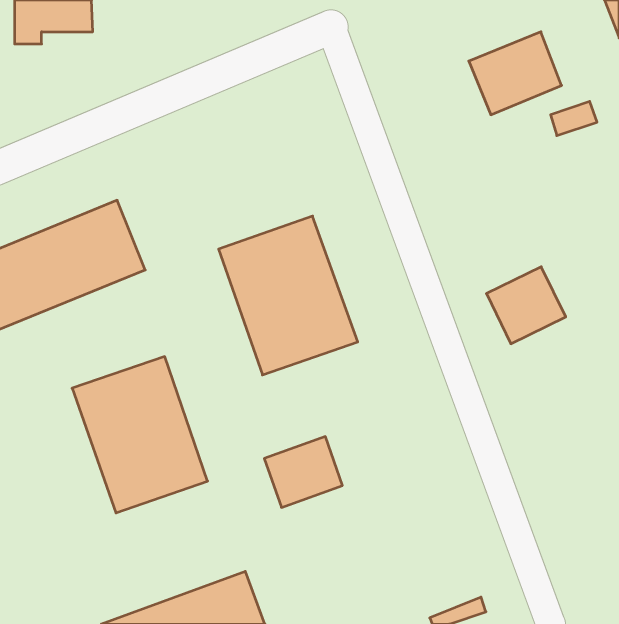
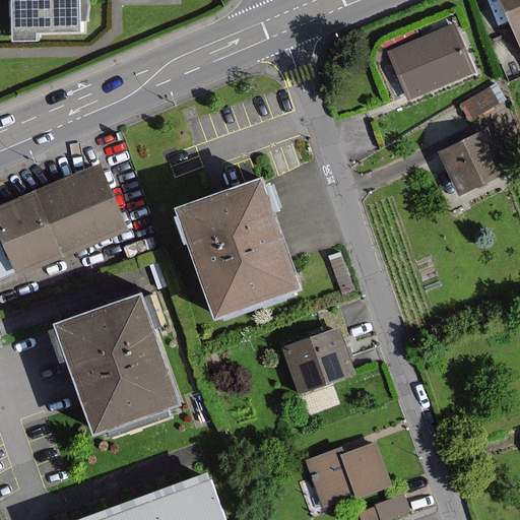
building: [486,267,566,344] -> [441,129,507,193]
building: [264,437,342,507] -> [284,330,349,389]
building: none -> [306,445,385,505]

